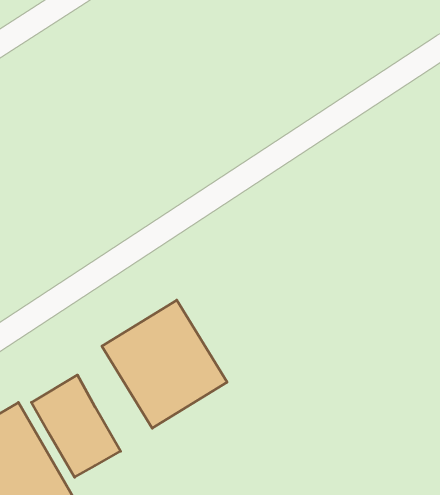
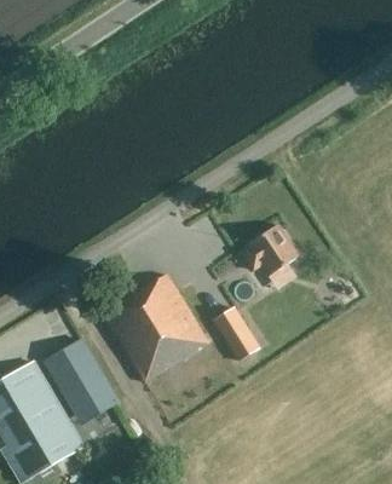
building: none -> [241,224,298,275]
building: none -> [213,307,259,361]

